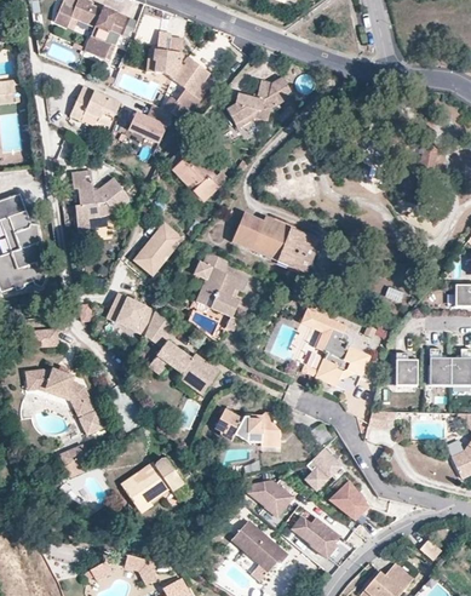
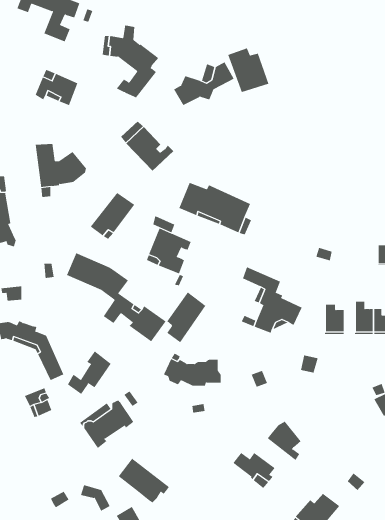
building: none -> [227,48,269,93]
building: [126,103,171,142] -> none
building: none -> [167,291,206,343]
building: none -> [67,351,111,395]
building: [305,446,340,489] -> none
building: [247,472,295,516] -> none
building: [229,522,287,573] -> [118,458,170,503]

